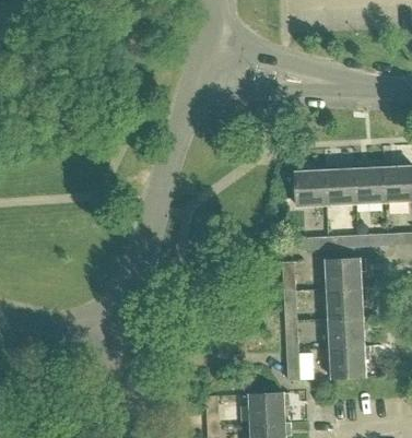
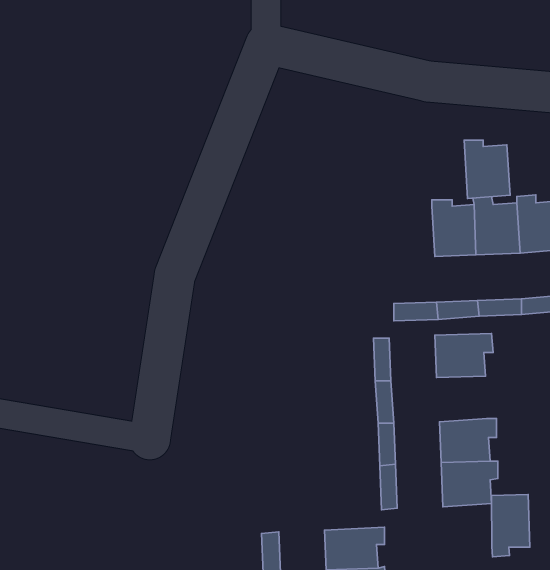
building: [294,167,326,208] -> [464,140,510,198]
building: [327,288,367,320] -> none
building: none -> [492,494,530,557]

